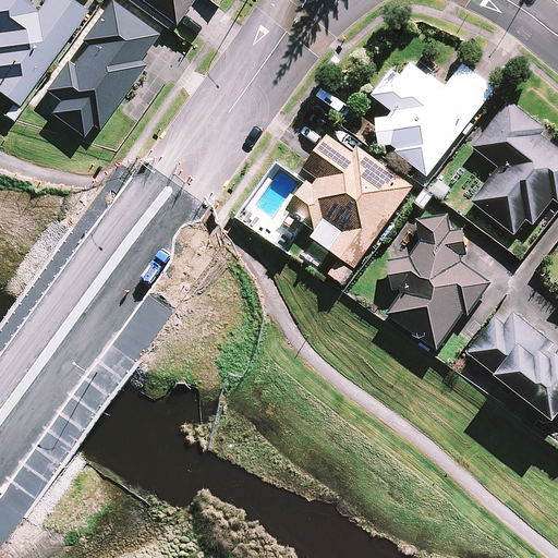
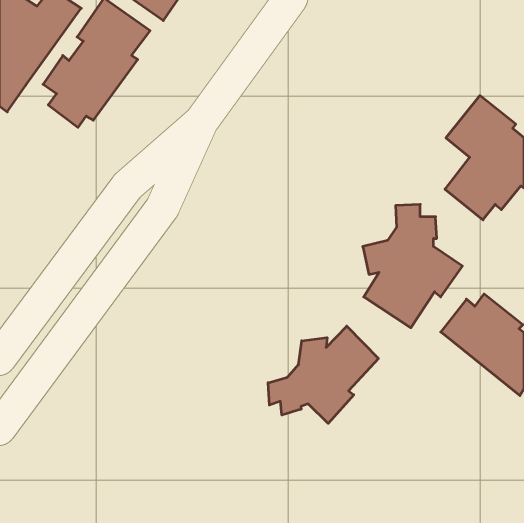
building: [372,62,493,174] -> none
building: [286,135,411,283] -> none
building: none -> [268,326,378,423]

